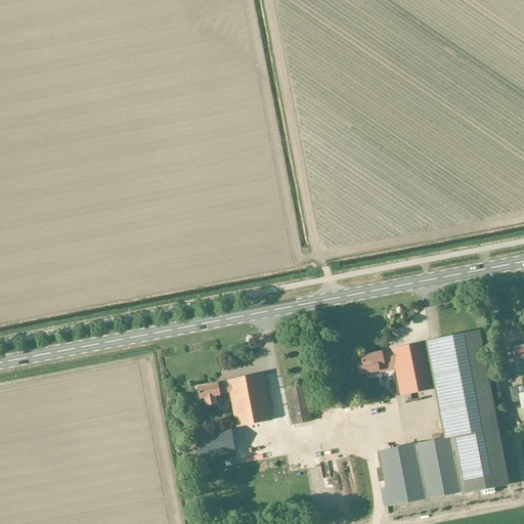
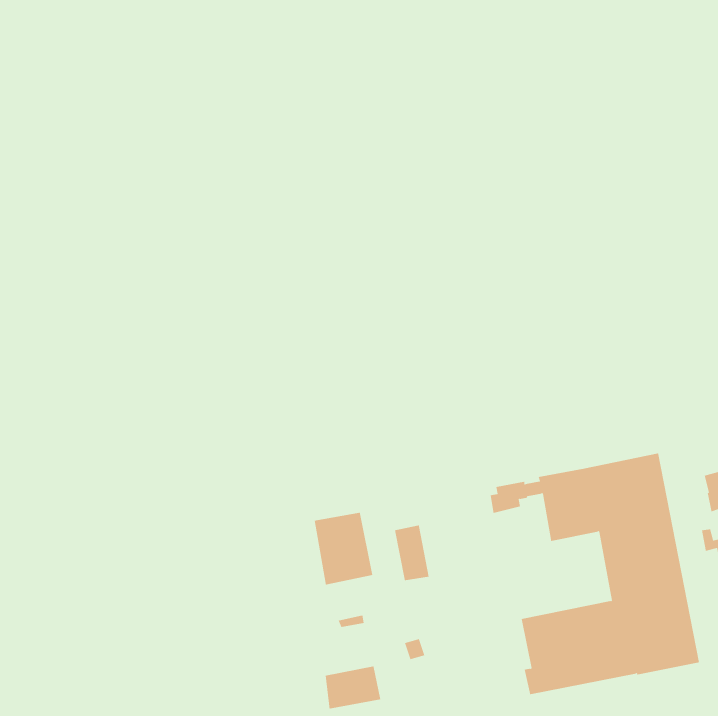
building: [199,379,231,404] -> none
building: [195,426,236,457] -> [325,666,381,709]

